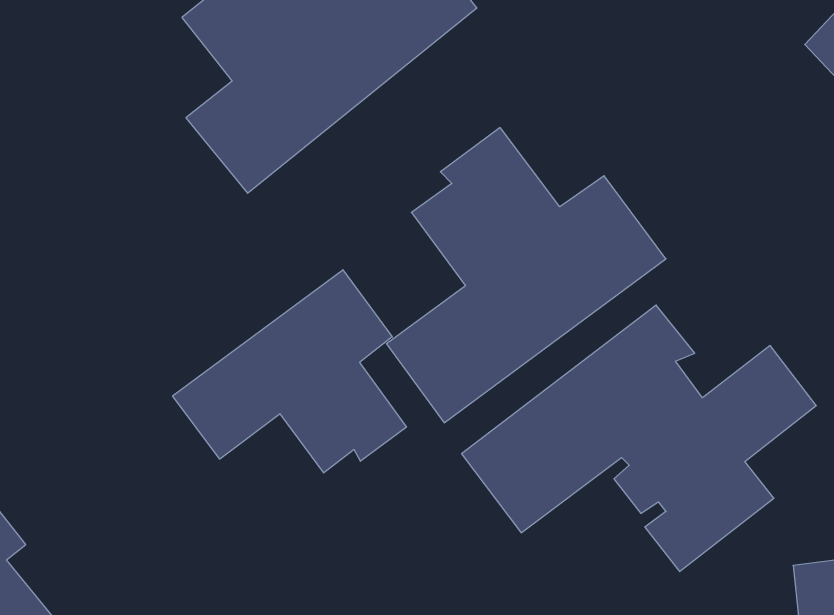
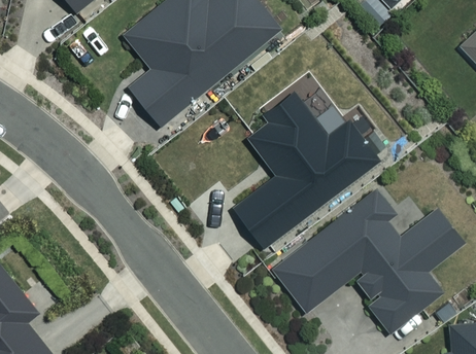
building: [173,270,406,473] -> none

